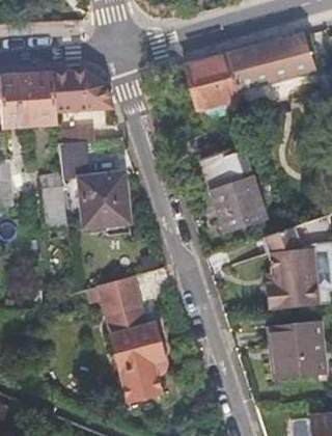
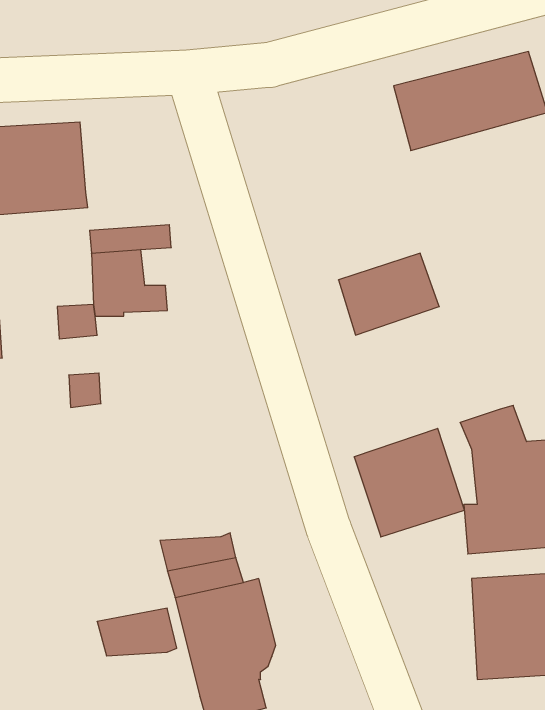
building: [185,53,241,109] -> none
building: [57,72,118,111] -> none
building: [208,173,268,233] -> [354,428,464,537]
building: [81,174,130,237] -> none
building: [95,275,139,301] -> [97,608,177,656]

